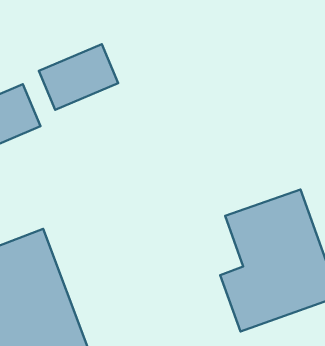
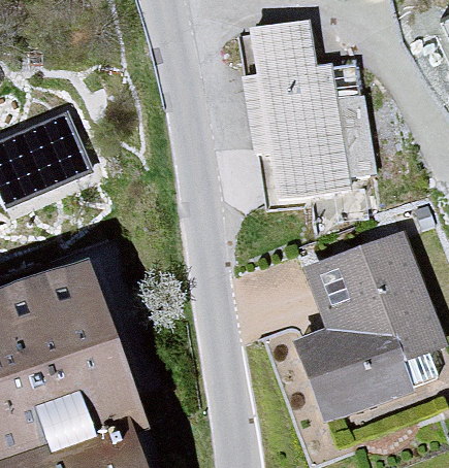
building: none -> [251,18,353,194]
building: [39,44,118,110] -> none

